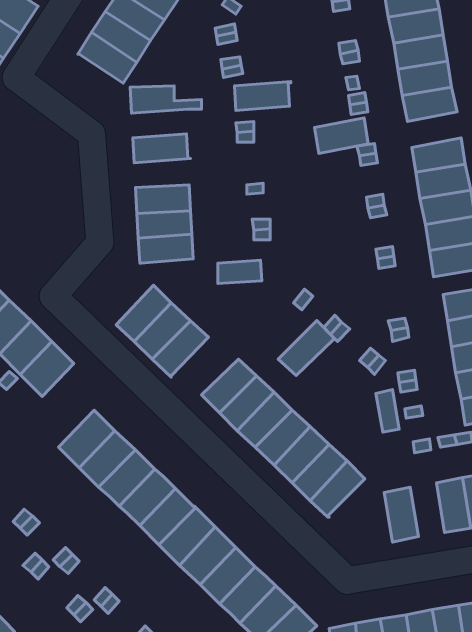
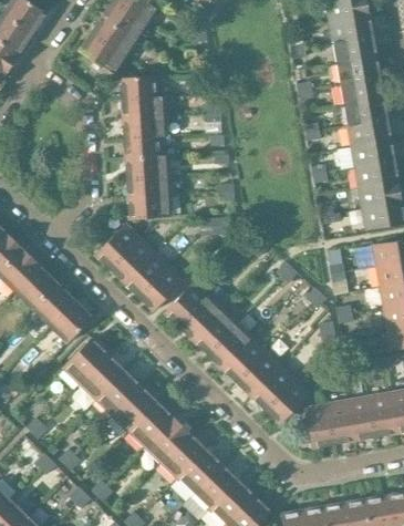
building: [234,82,291,110] -> [122,95,167,118]
building: [315,118,368,154] -> [344,97,387,126]
building: none -> [124,135,170,158]
building: none -> [95,224,139,269]
building: [278,321,333,376] -> [164,281,208,326]
building: none -> [50,300,93,343]
building: none -> [346,396,374,440]
building: none -> [304,404,332,447]

